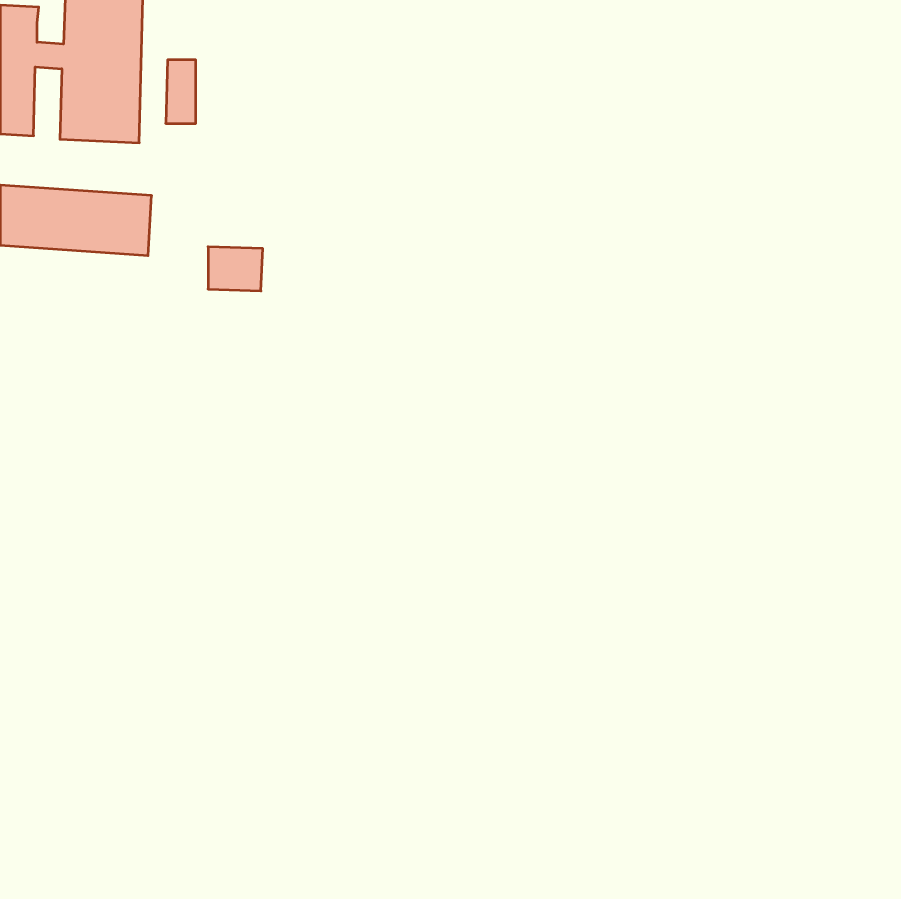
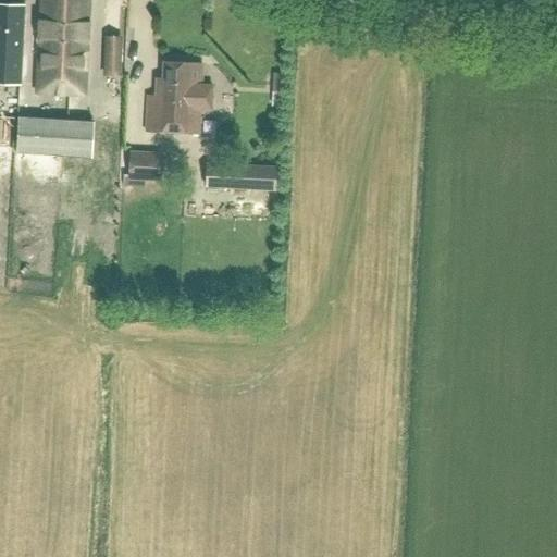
building: none -> [146,61,213,133]
building: none -> [205,161,276,189]

